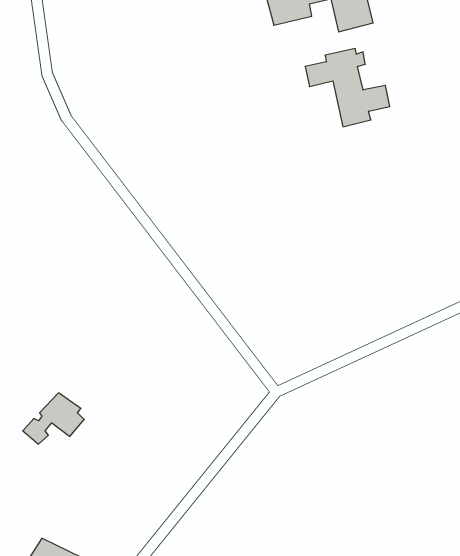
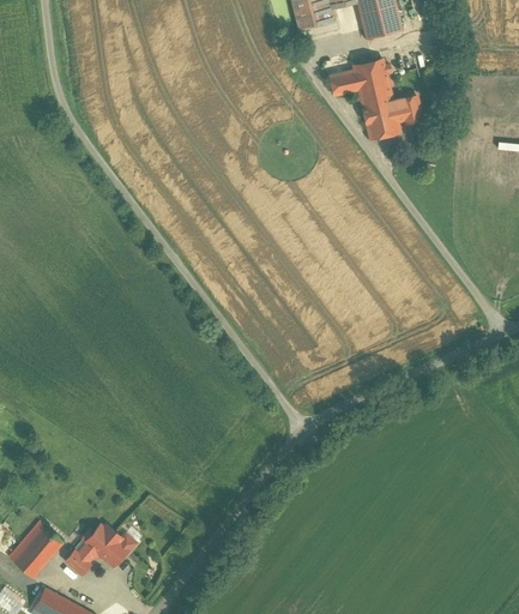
building: [23,393,84,444] -> [65,522,131,577]
building: none -> [7,522,64,579]

